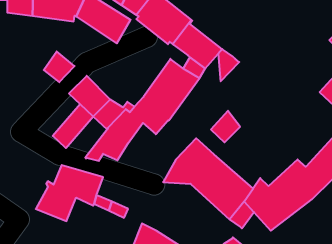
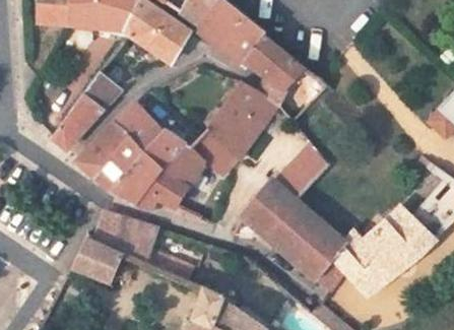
building: none -> [51,94,101,149]
building: none -> [75,124,127,177]
building: none -> [109,152,160,204]

